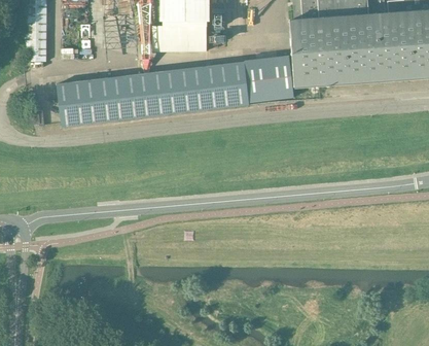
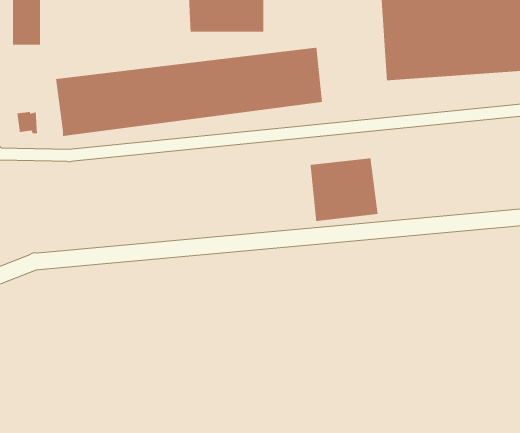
building: [244,56,294,102] -> [308,157,378,222]

